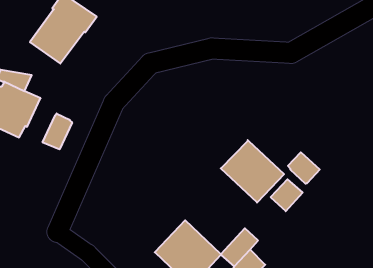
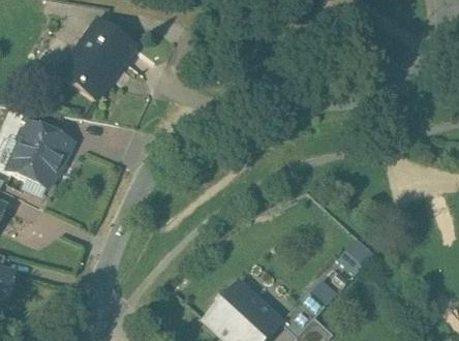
building: [43,113,72,149] -> none
building: [221,140,284,203] -> none
building: [288,152,320,184] -> none

